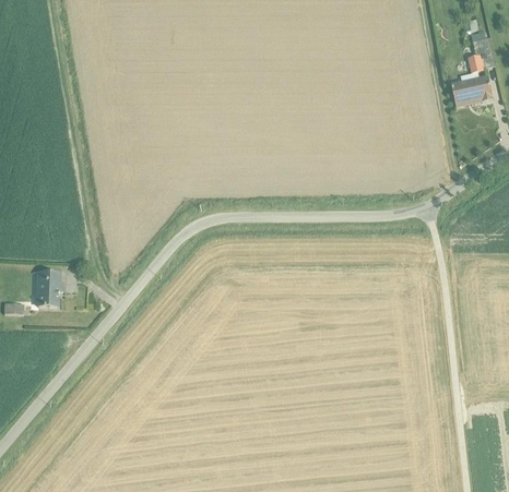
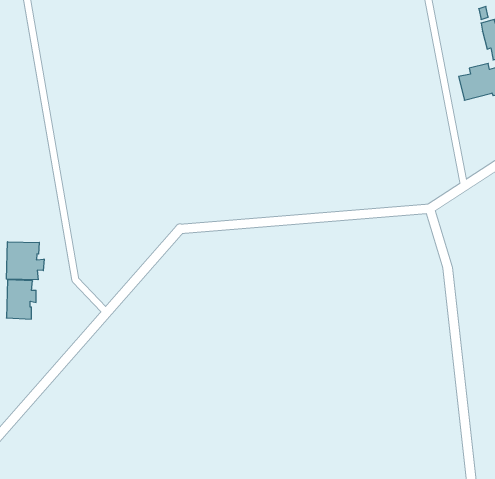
building: none -> [6,242,44,280]

